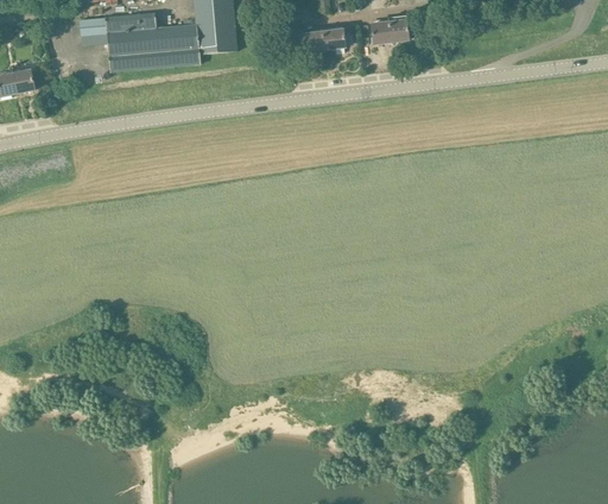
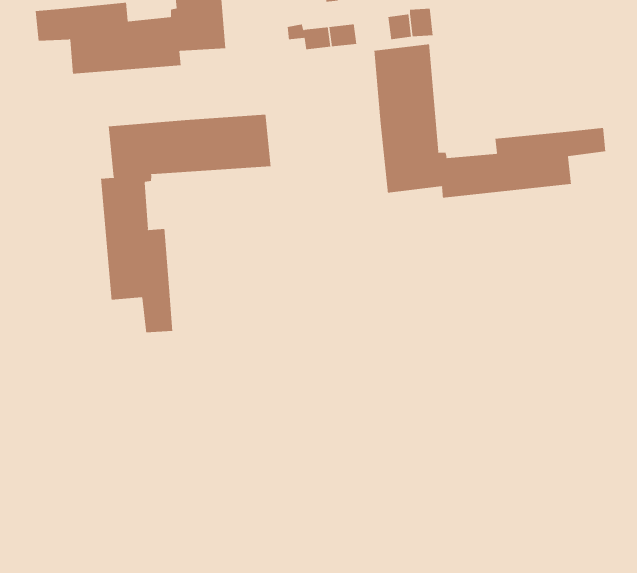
building: none -> [374,43,606,199]
building: none -> [100,114,271,333]

